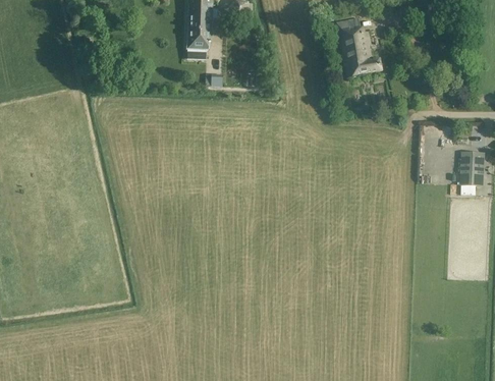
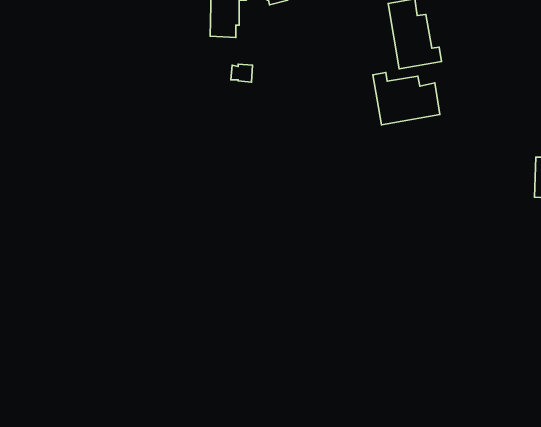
building: none -> [373,73,440,125]

